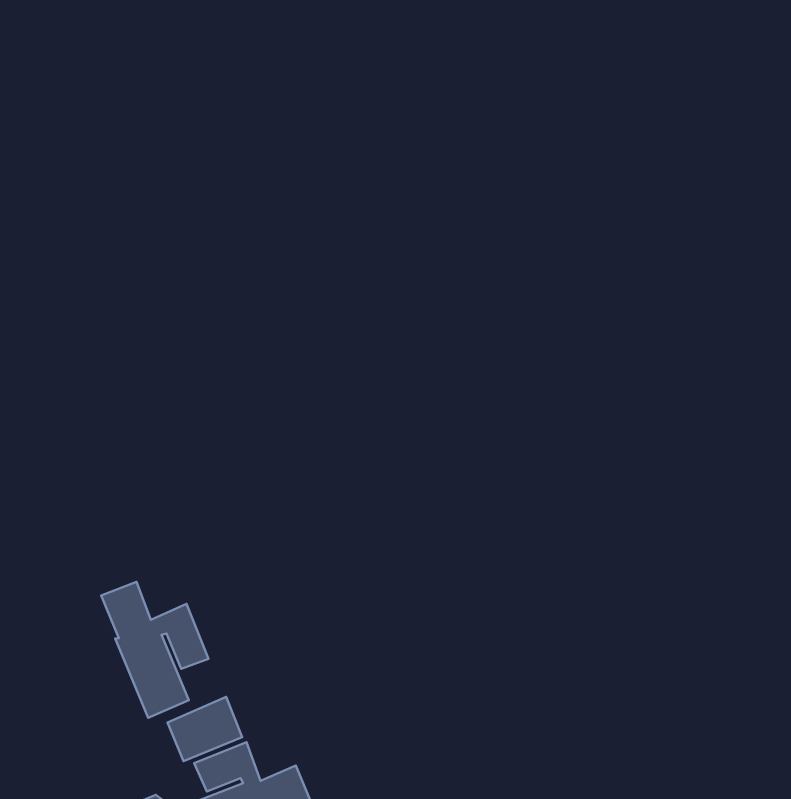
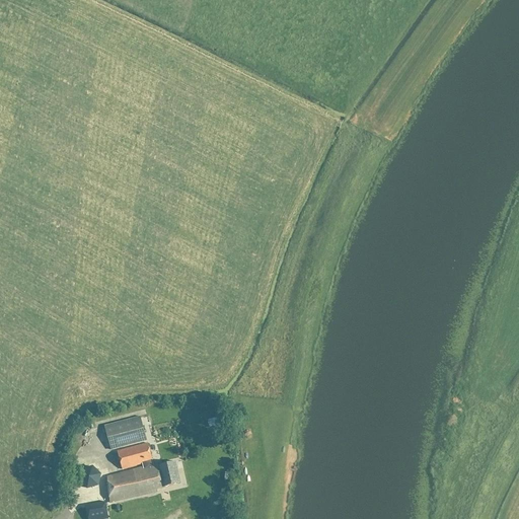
building: [101,582,209,718] -> none

